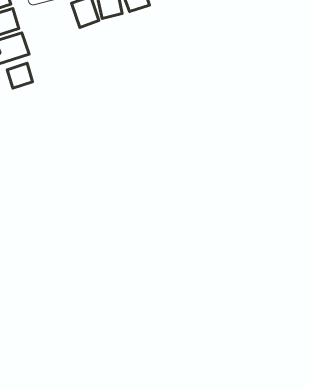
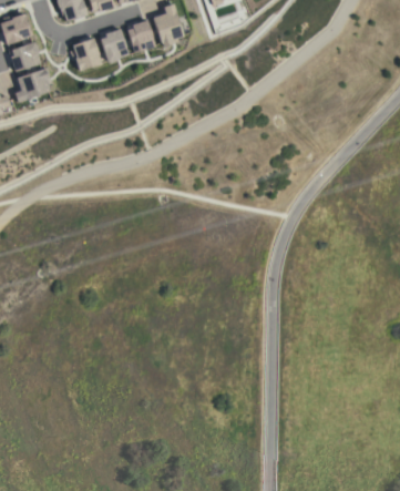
building: none -> [72,38,101,70]
building: [7,63,33,88] -> none

